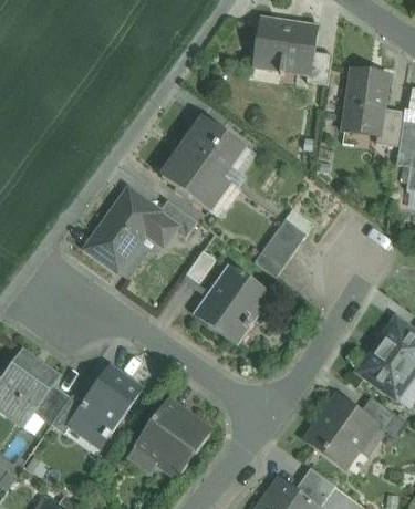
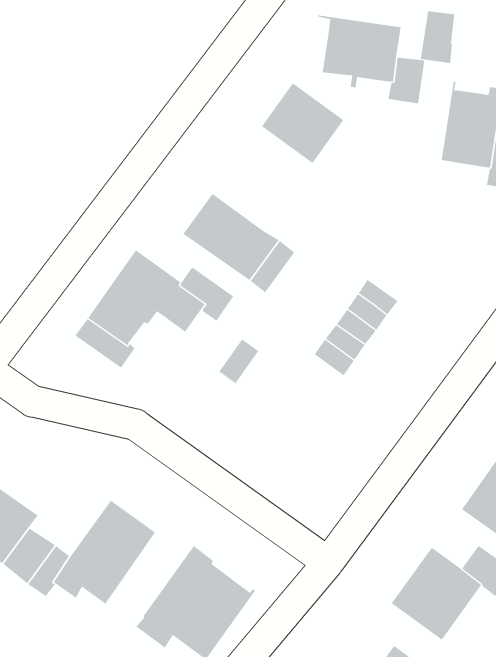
building: none -> [420,11,455,64]
building: [181,117,240,175] -> [261,83,344,164]
building: [199,270,266,347] -> none

